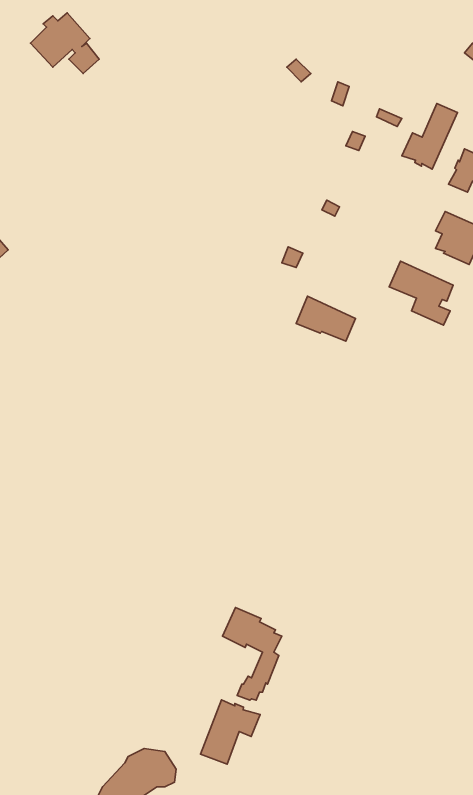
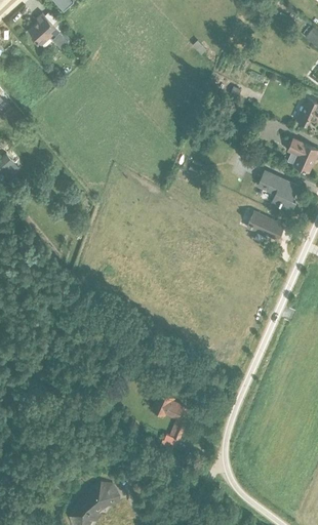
building: [402,104,458,169] -> none
building: [296,296,355,341] -> [246,210,284,239]
building: [200,700,260,764] -> none

